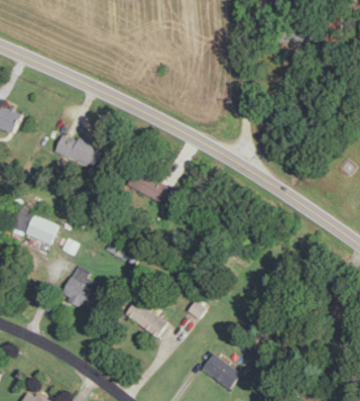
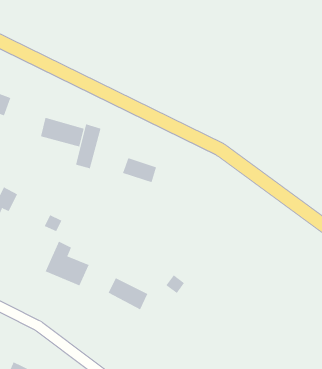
building: none -> [75,123,101,169]
building: [25,215,58,244] -> none
building: [200,354,241,388] -> none

